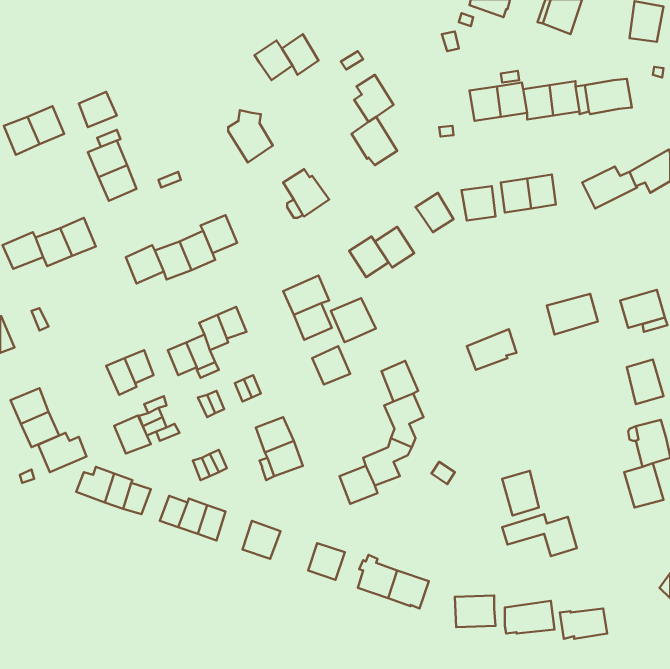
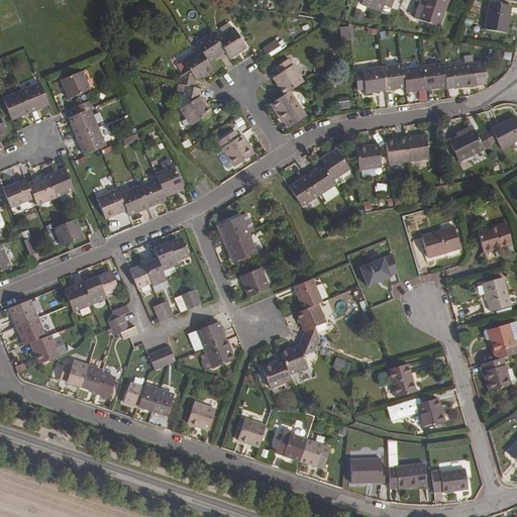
building: none -> [178,48,213,87]
building: [349,236,388,277] -> [306,164,336,195]
building: none -> [54,218,83,245]
building: [331,298,376,342] -> none
building: [114,415,151,453] -> [64,282,92,311]

